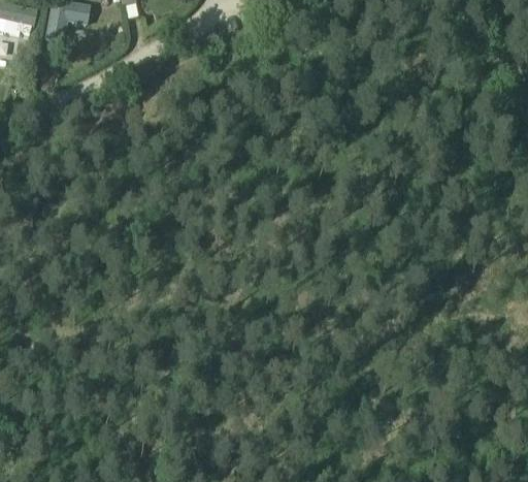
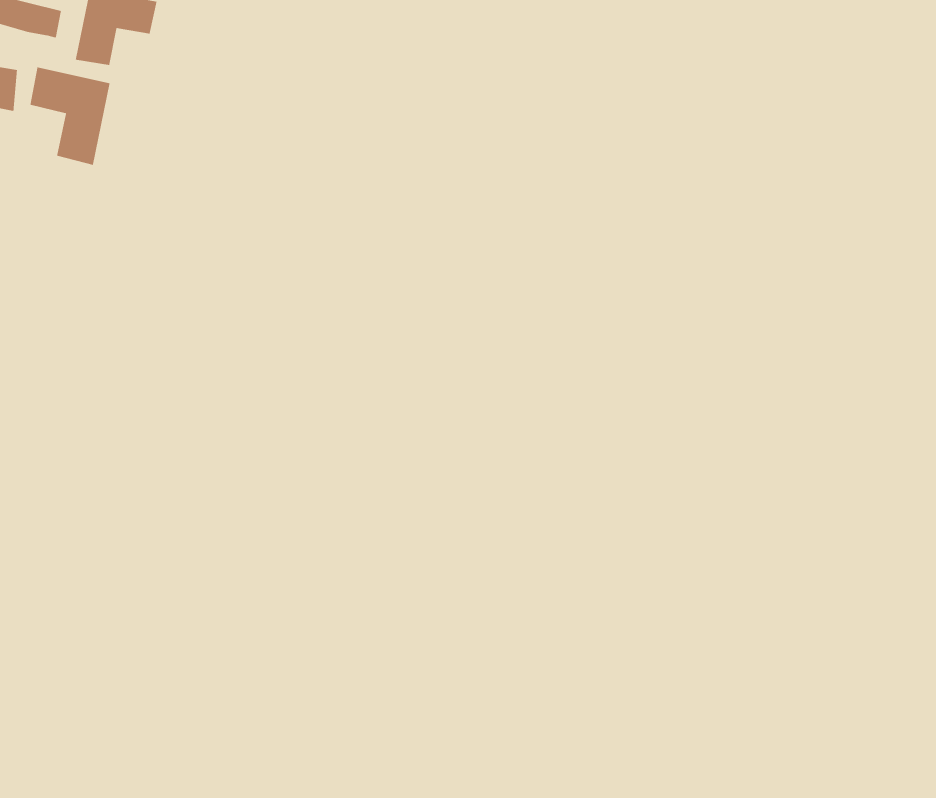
building: none -> [30,66,110,166]

